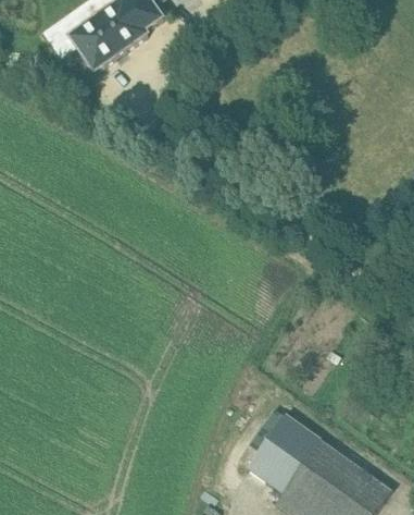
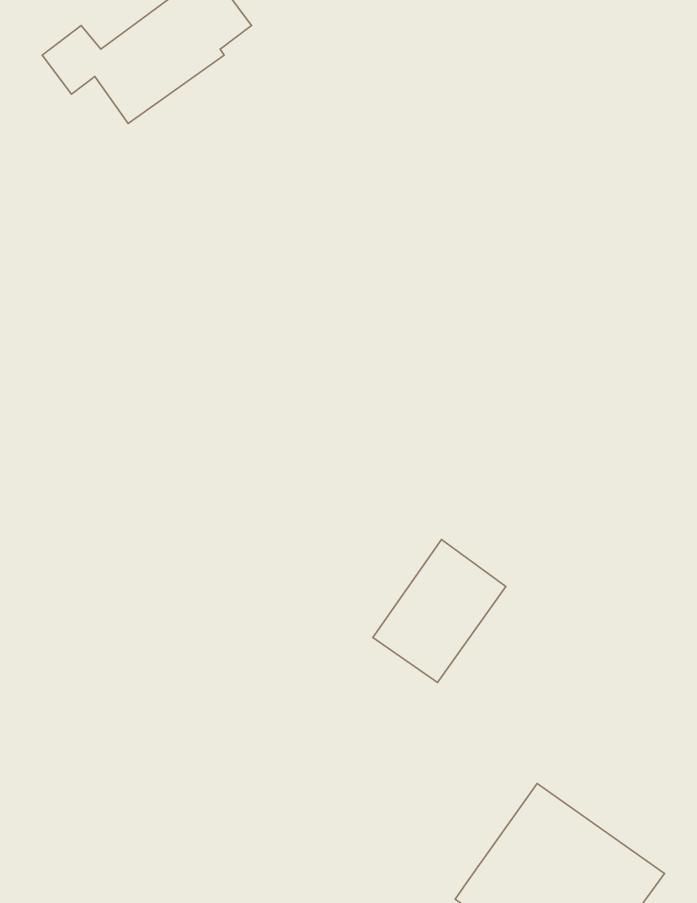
building: [248,414,322,493] -> [373,540,506,683]

